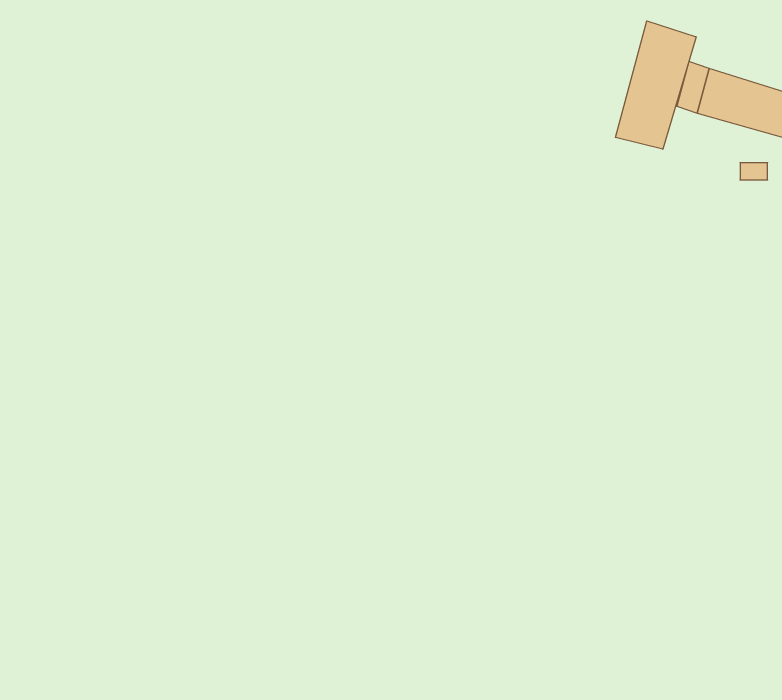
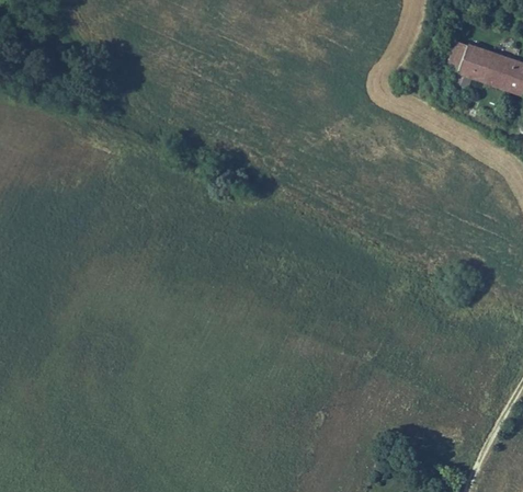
building: [615,21,696,149] -> none

